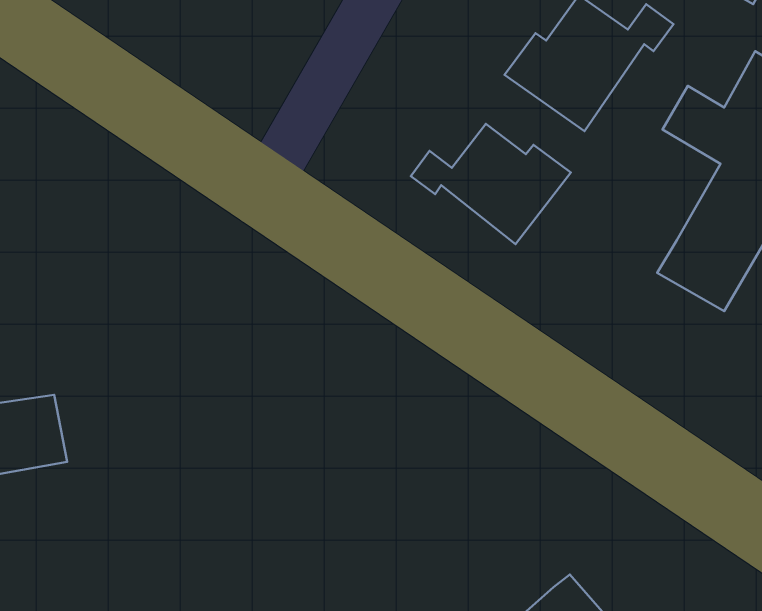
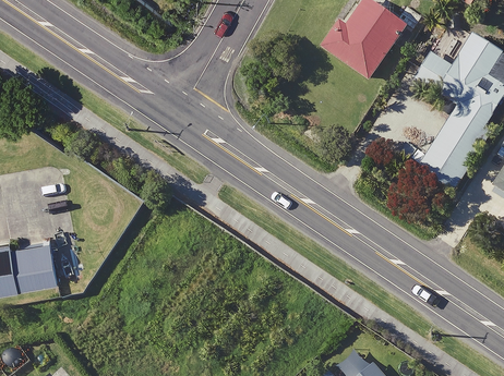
building: [411,124,571,244] -> none

